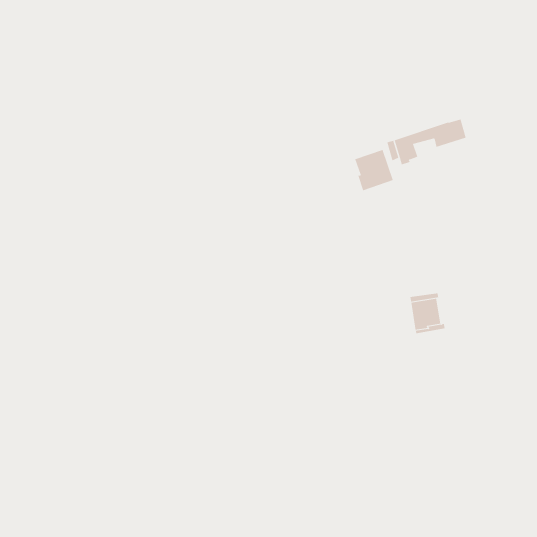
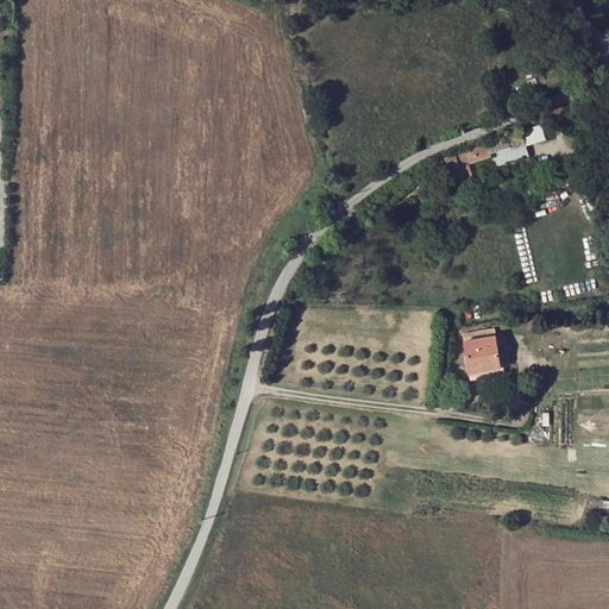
building: [355,149,393,191] -> none

